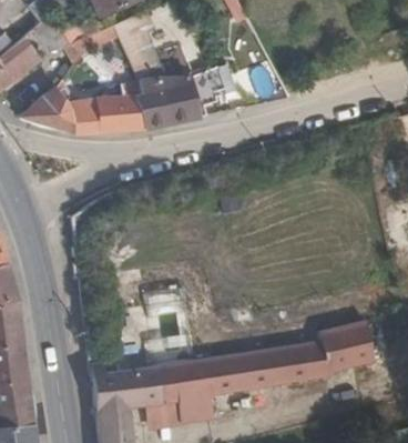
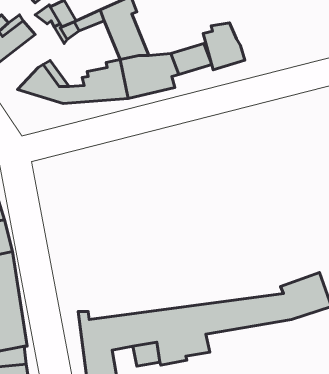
building: none -> [203,23,245,70]

